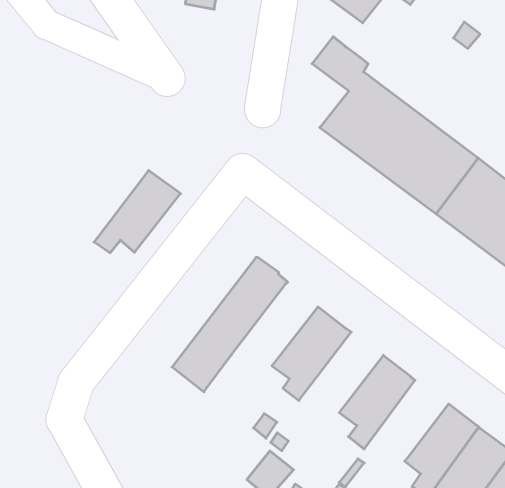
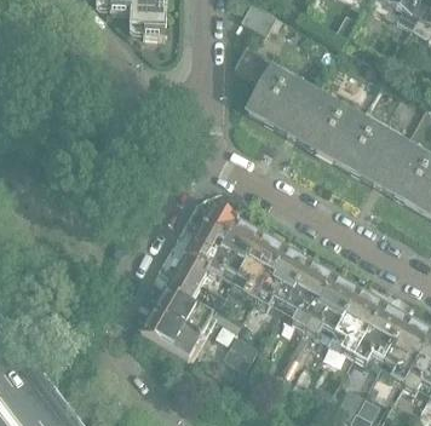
building: [94,170,181,253] -> [205,219,260,280]
building: none -> [255,247,310,306]
building: none -> [140,287,212,356]
building: none -> [305,275,360,341]

